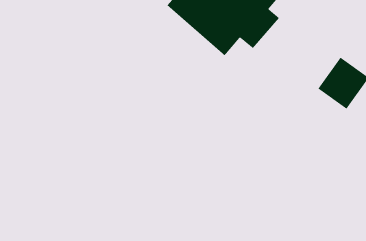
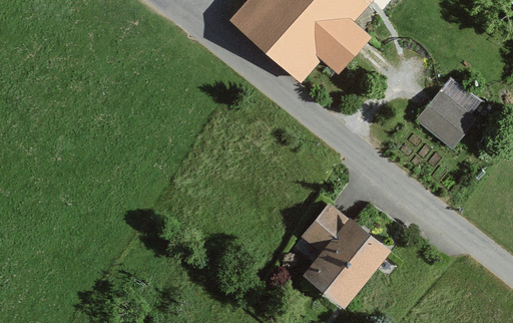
building: none -> [303,203,388,306]

